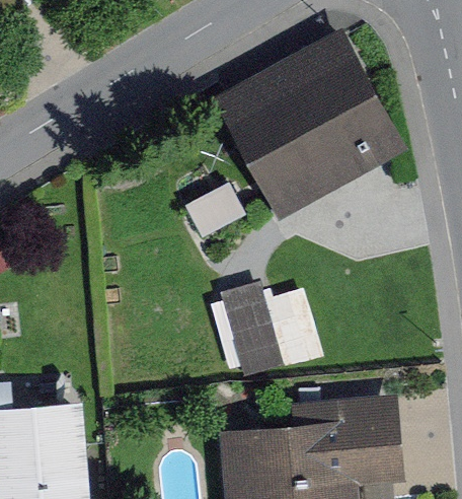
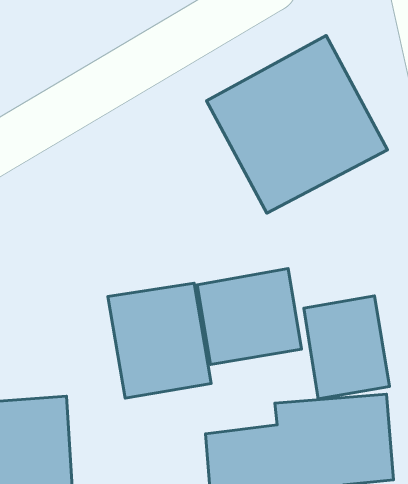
building: none -> [108,283,211,398]
building: none -> [304,296,390,399]

